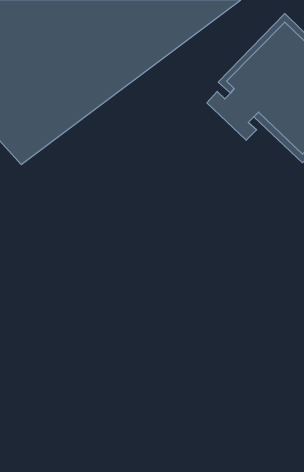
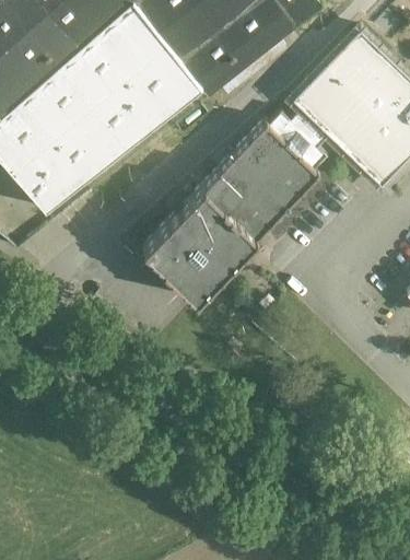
building: none -> [139,125,316,304]

